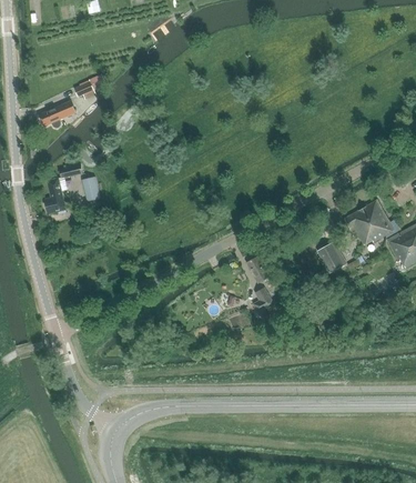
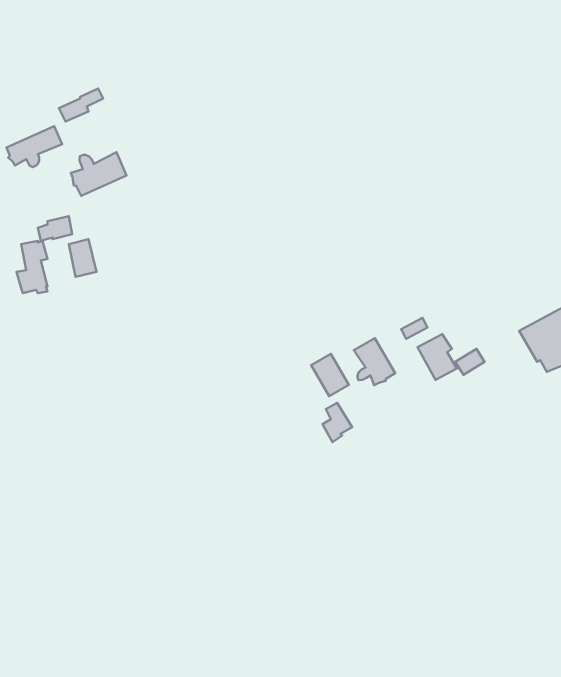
building: none -> [71,152,127,196]
building: [344,200,395,245] -> none
building: none -> [354,338,395,385]

